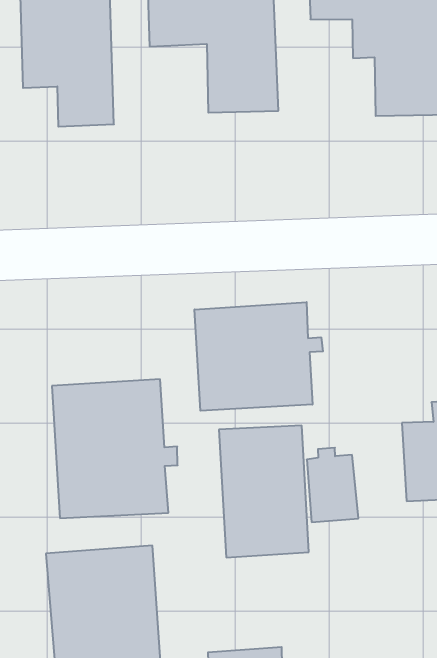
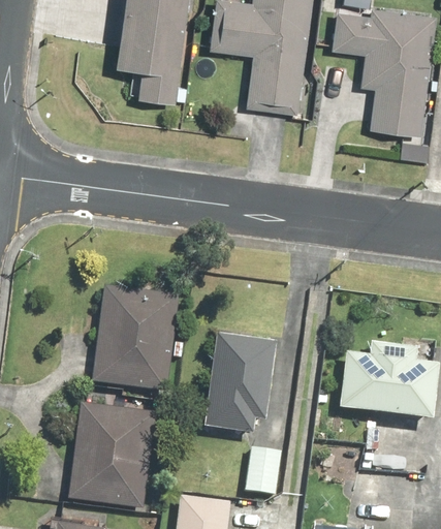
building: [195,302,323,411] -> none
building: [307,448,358,522] -> [244,441,281,496]

